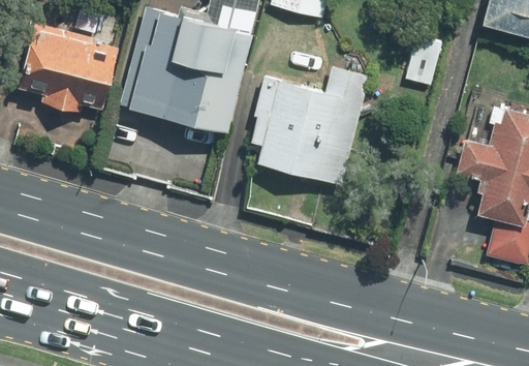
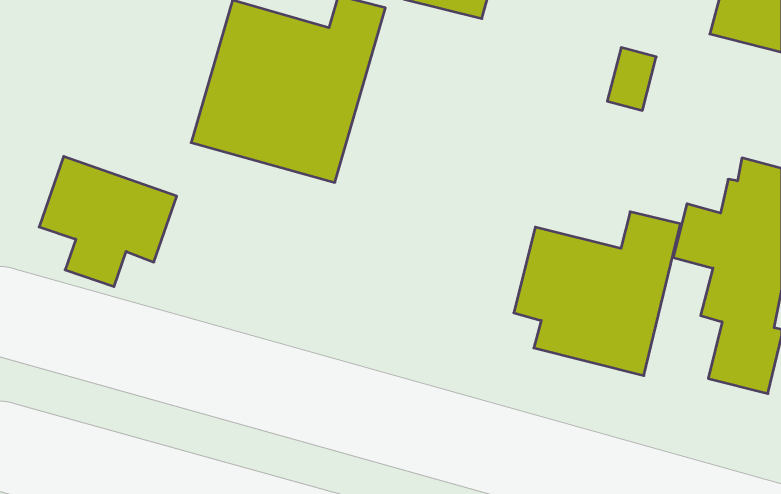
building: [29,25,122,113] -> [39,156,177,287]
building: [256,69,369,180] -> [514,212,681,376]

